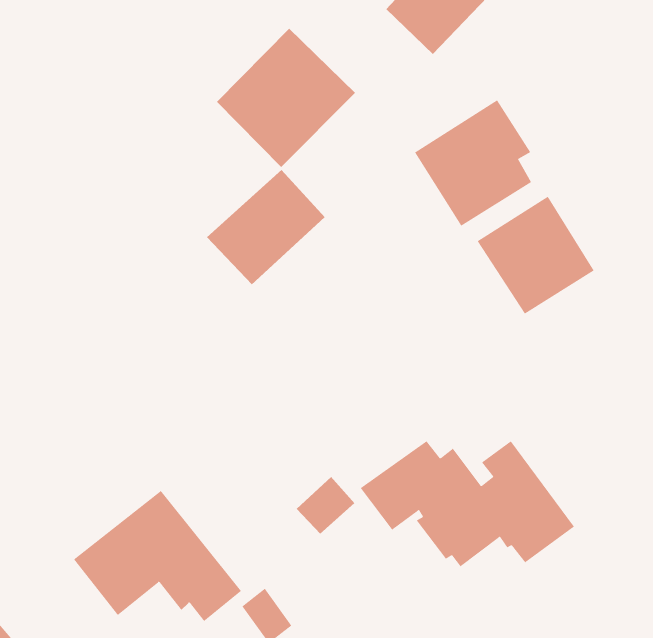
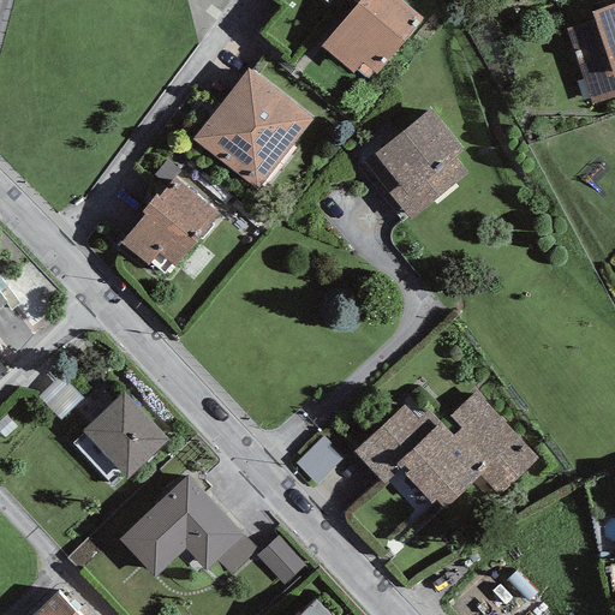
building: [206,169,326,285] -> [120,175,219,276]
building: [477,196,595,315] -> none
building: none -> [84,392,168,476]

